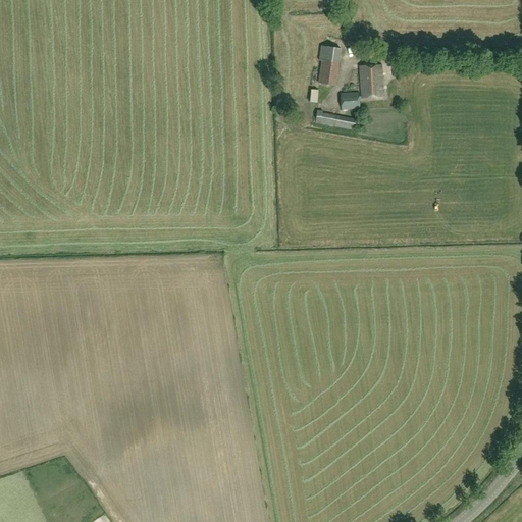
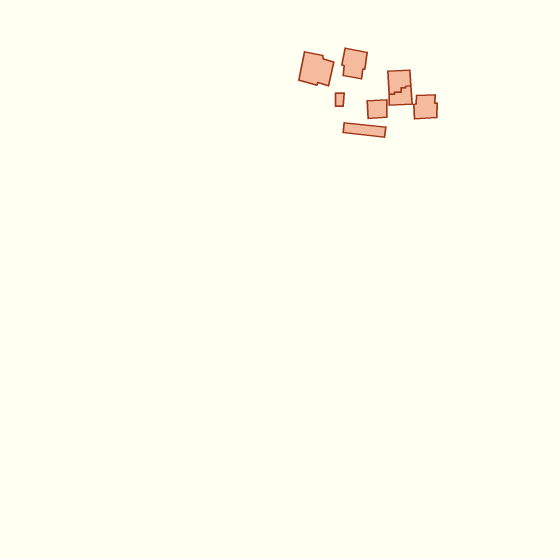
building: none -> [299,52,334,86]
building: none -> [414,95,437,119]

